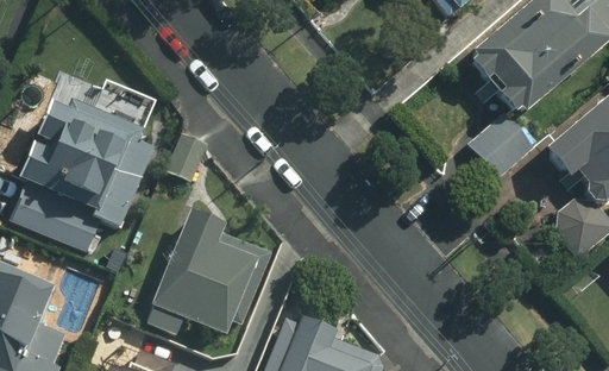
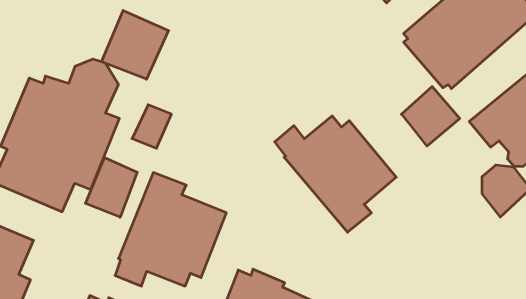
building: none -> [102,10,169,79]
building: none -> [275,116,396,232]
building: none -> [85,157,137,217]

